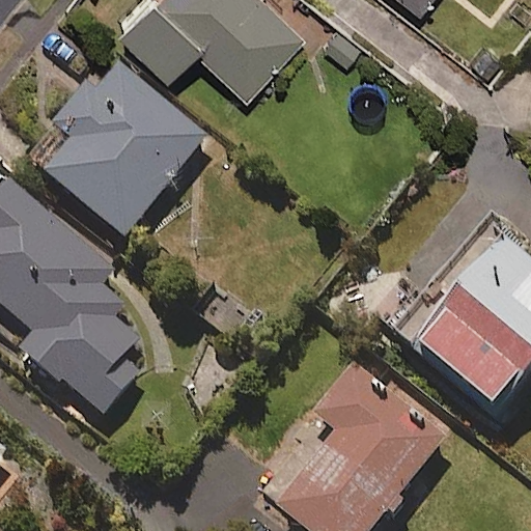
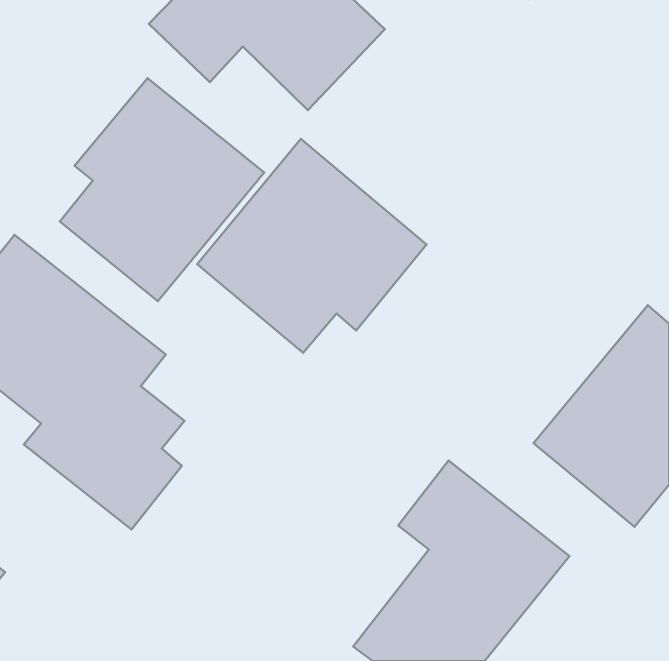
building: none -> [197,139,426,353]

